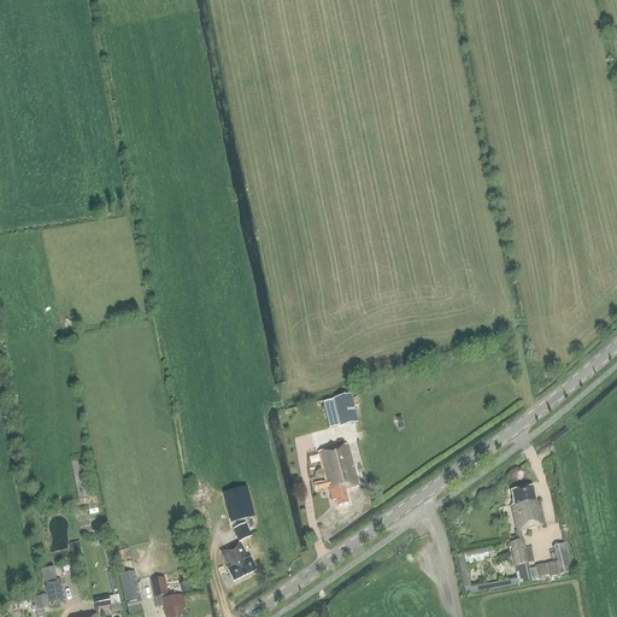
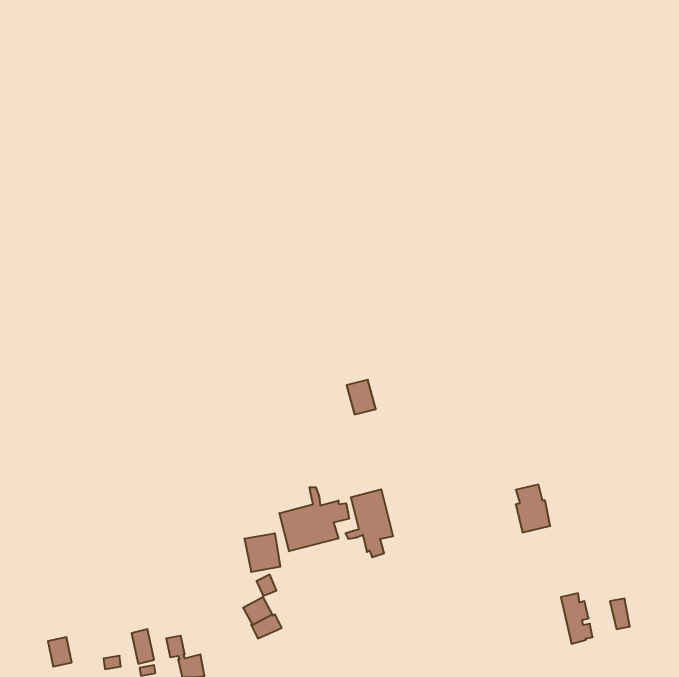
building: [331,393,358,424] -> [347,380,376,414]
building: none -> [279,487,349,551]
building: [511,486,542,529] -> [516,485,550,532]

